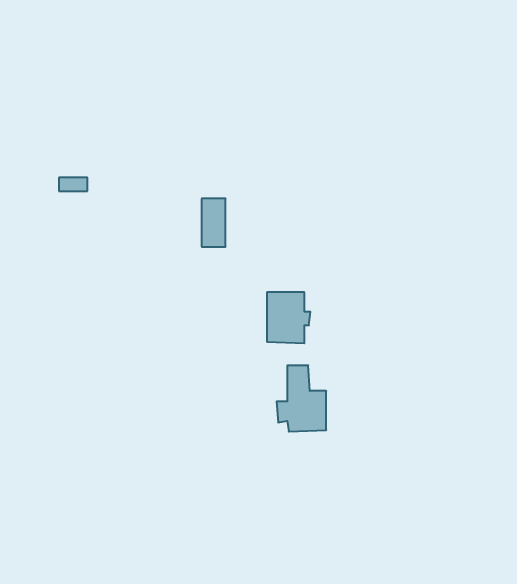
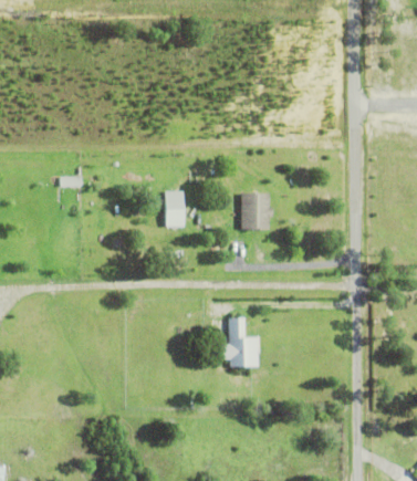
building: [267,292,310,343] -> [241,196,273,233]

